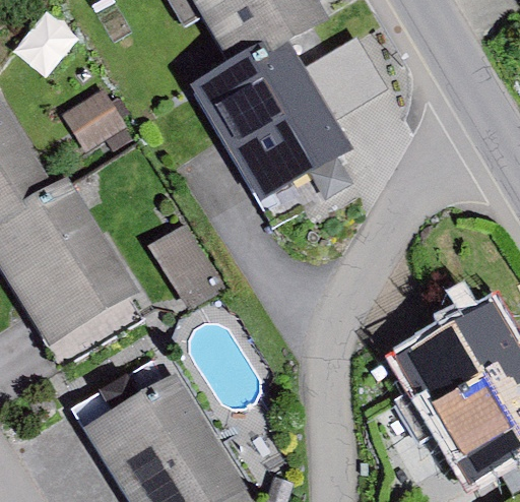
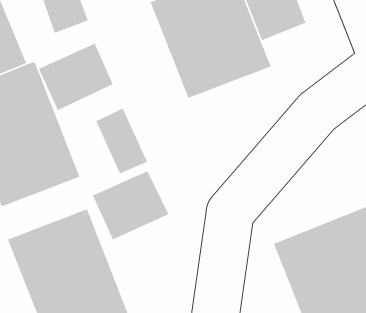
building: none -> [38,43,114,111]
building: none -> [92,170,169,241]

